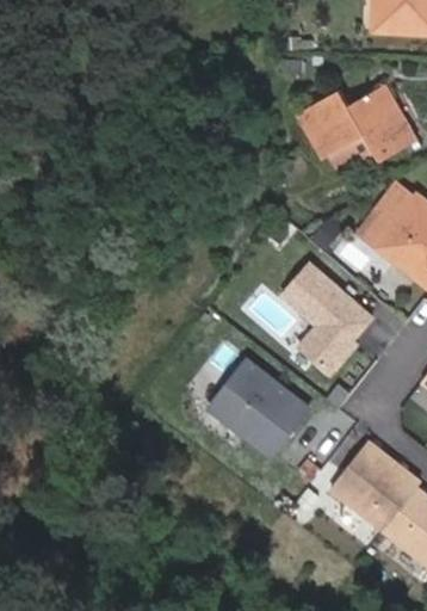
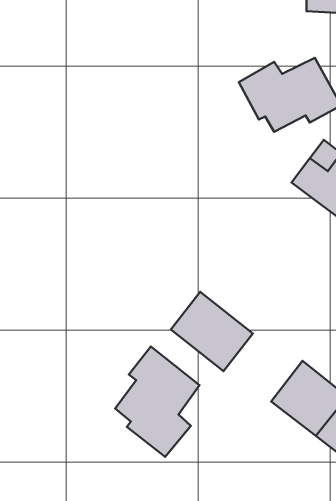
building: [279,261,370,372] -> none
building: none -> [115,347,200,457]

